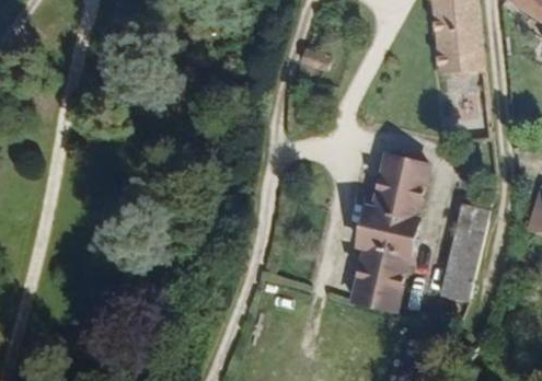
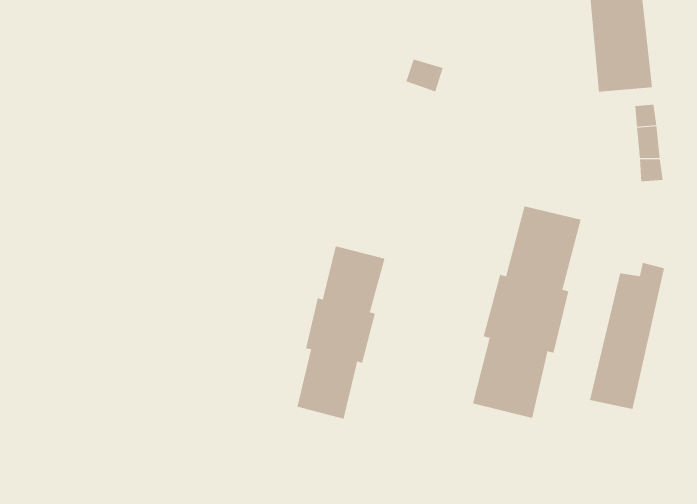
building: none -> [297,246,385,419]

